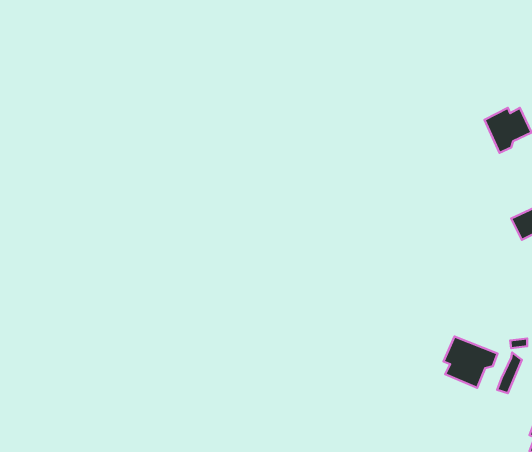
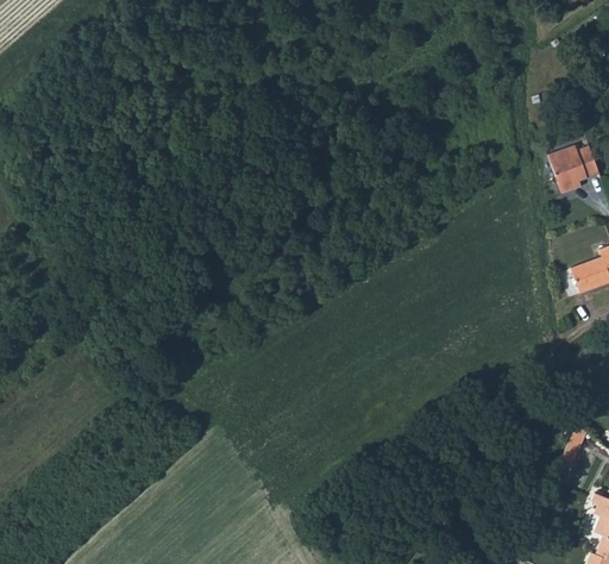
building: [443,336,498,388] -> none

